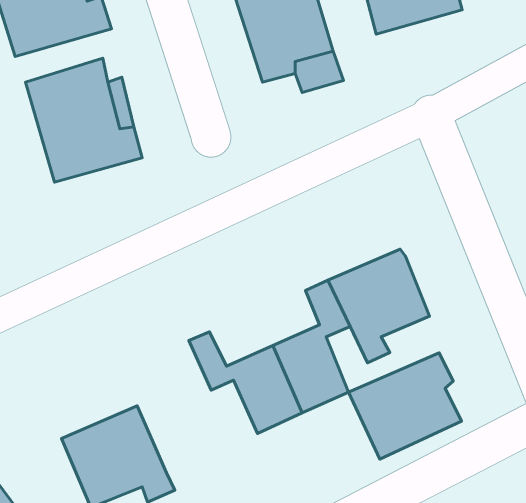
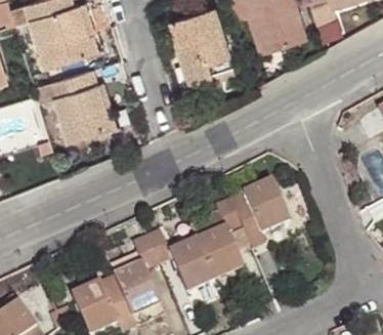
building: none -> [115,235,159,313]
building: [349,353,461,459] -> none

